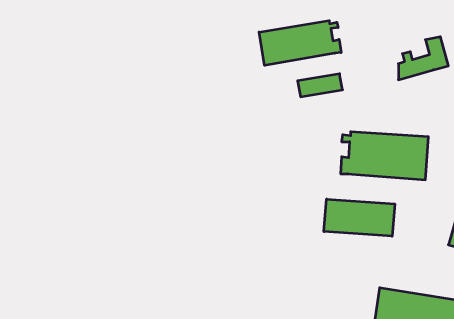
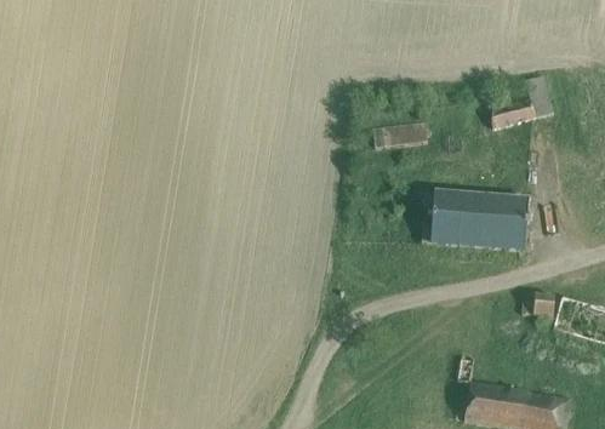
building: [259,21,341,65] -> none
building: [324,199,395,236] -> none

